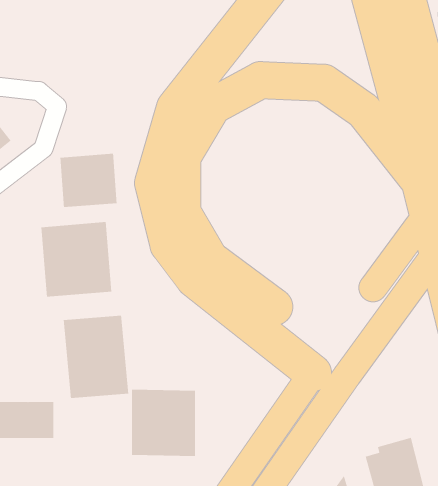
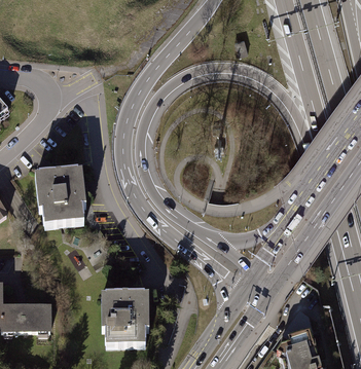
building: [60,153,117,208] -> none
building: [63,315,129,399] -> none

